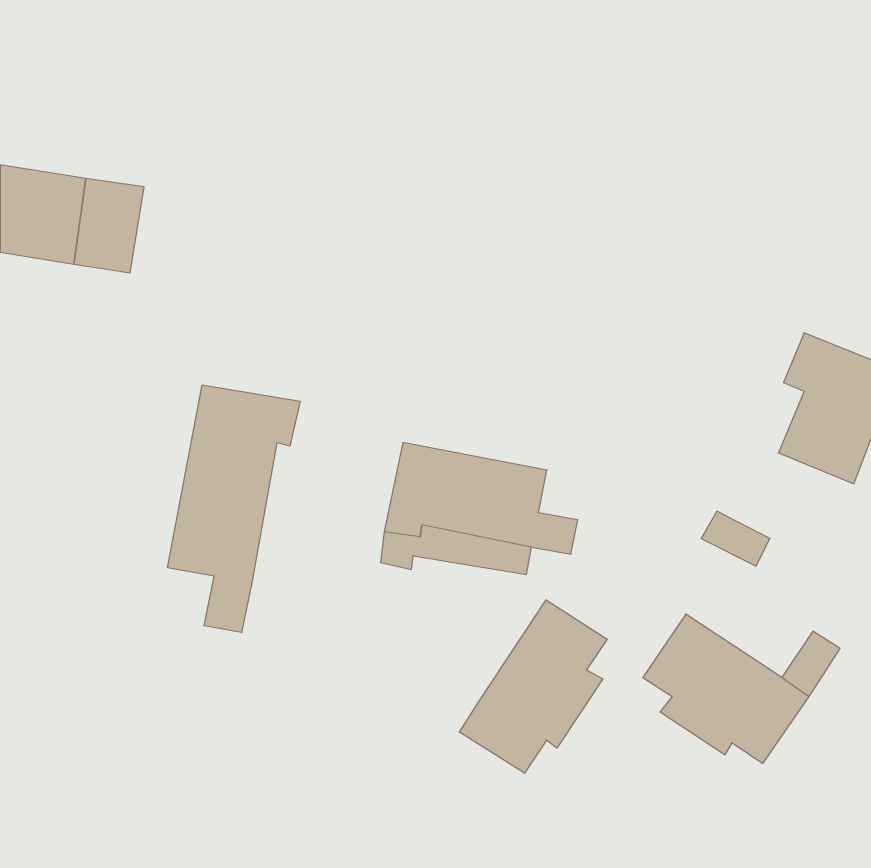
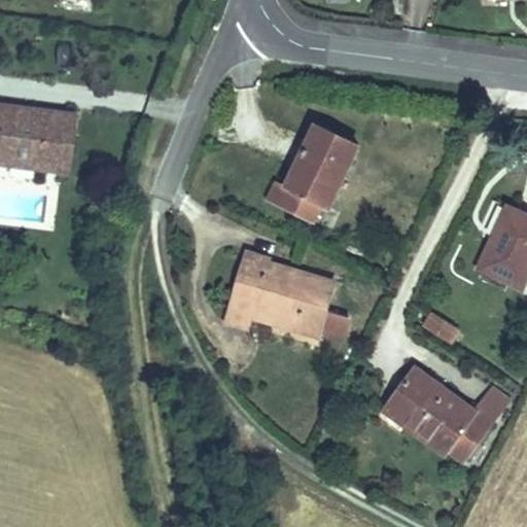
building: none -> [272,121,356,227]
building: [168,385,300,633] -> none
building: [459,600,607,773] -> none

